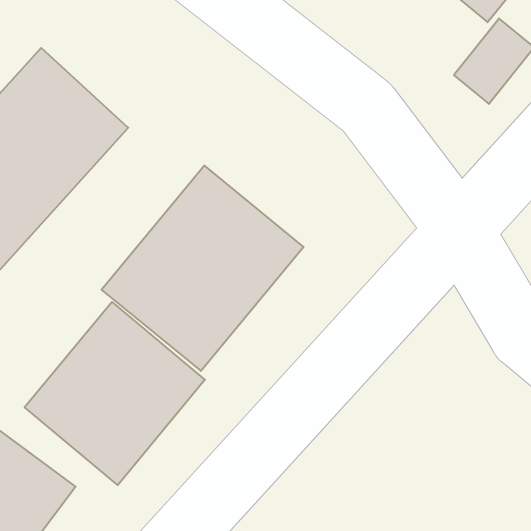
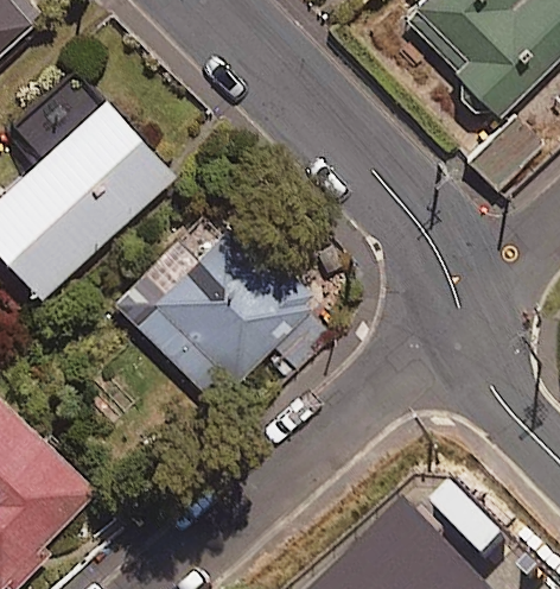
building: [25,302,205,485] -> none

